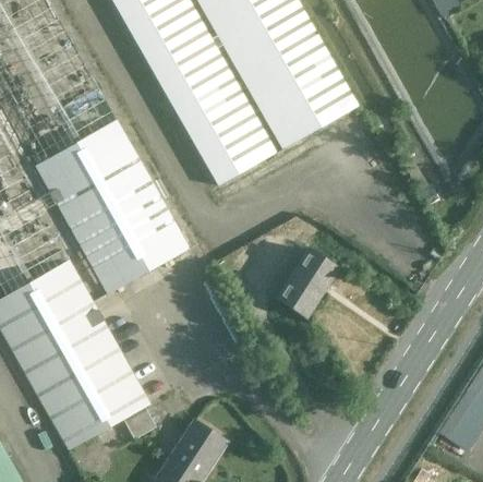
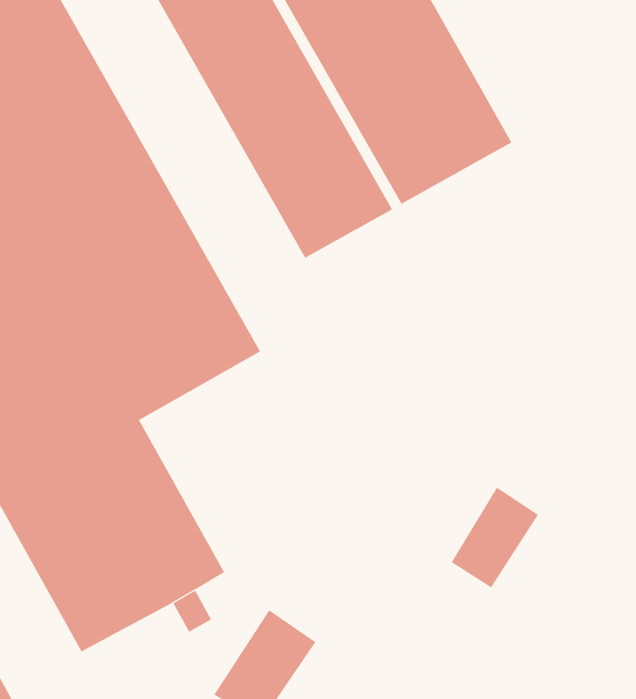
building: [278,249,337,316] -> [451,487,539,588]

